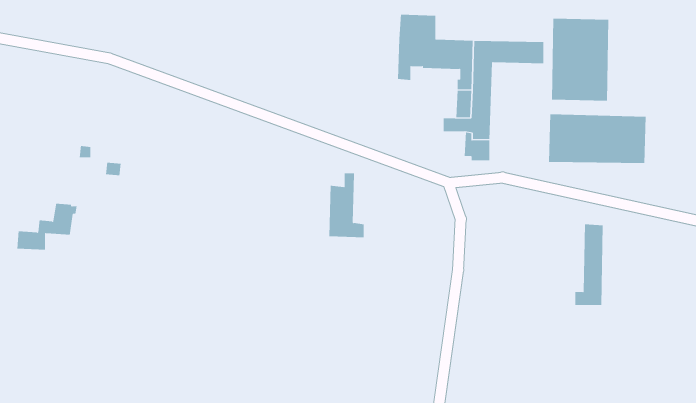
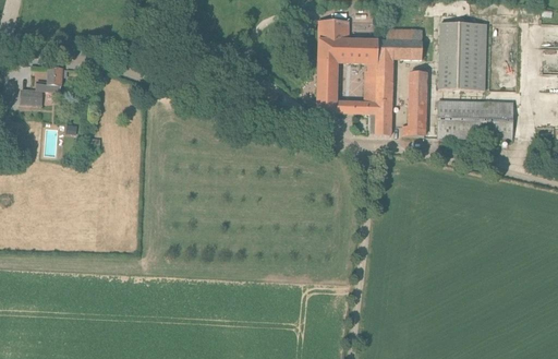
building: [329,173,365,238] -> [316,60,344,111]
building: [17,203,78,250] -> [19,65,66,103]
building: [575,224,604,305] -> [402,70,425,134]

